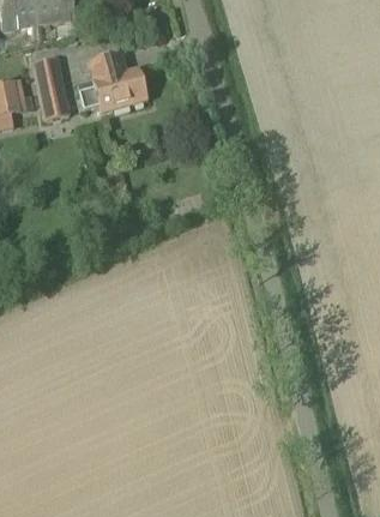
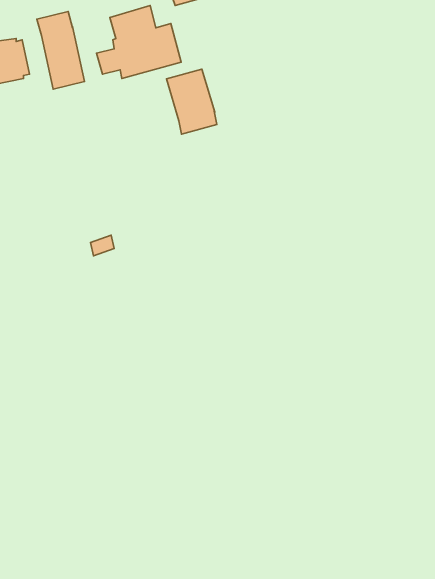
building: none -> [166,69,217,134]

